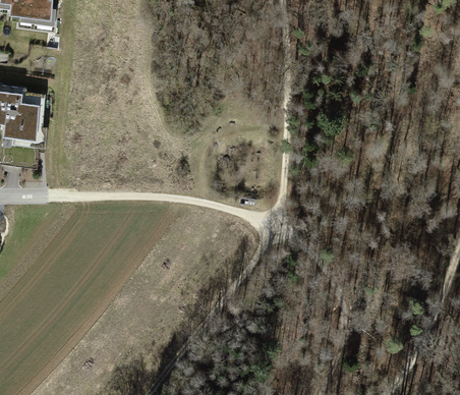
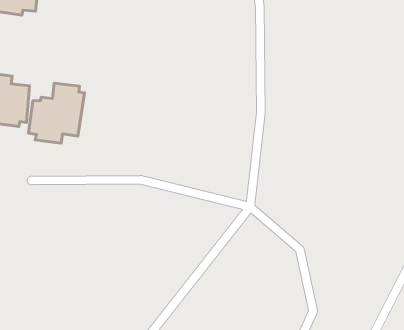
building: none -> [28,83,85,143]

